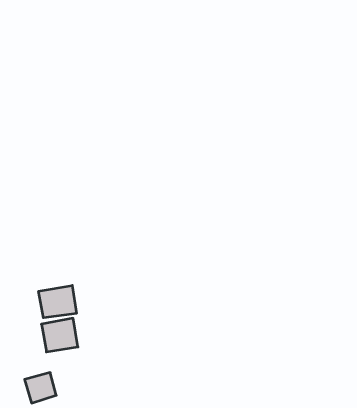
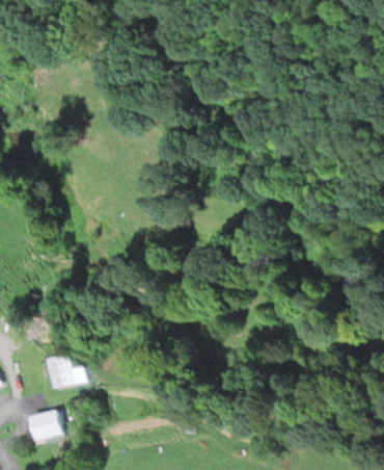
building: [39,285,76,318] -> none

